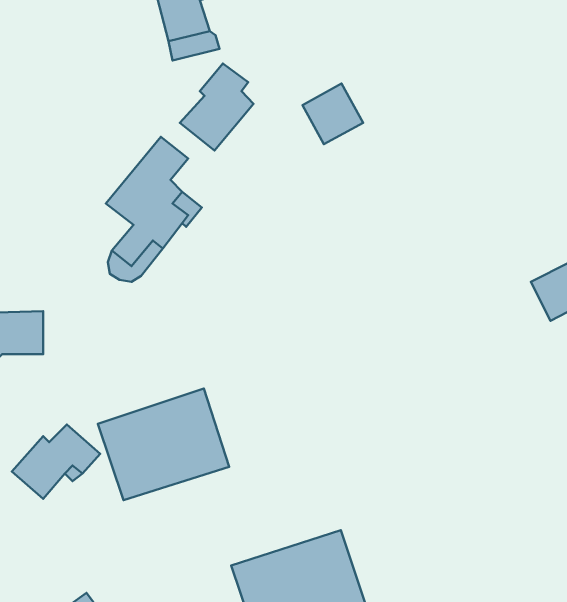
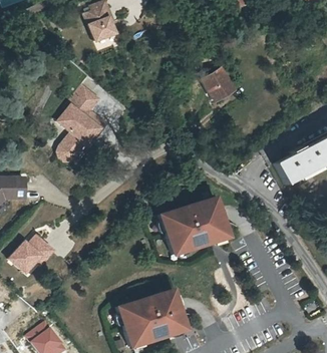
building: [180,63,254,151] -> none
building: [302,84,363,144] -> [201,67,232,98]
building: [98,389,229,500] -> [160,196,228,253]

